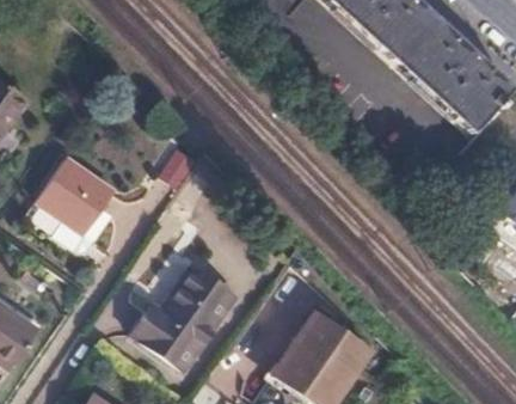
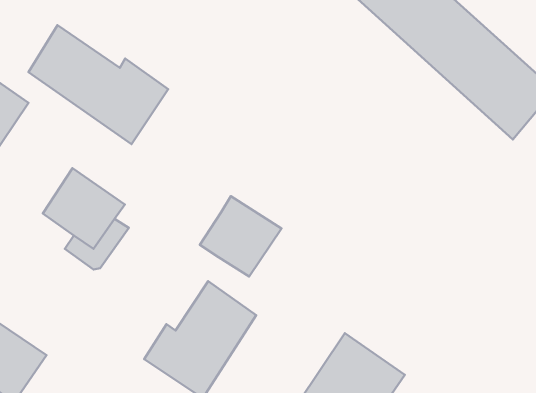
building: none -> [28,25,168,144]
building: none -> [200,196,282,277]

